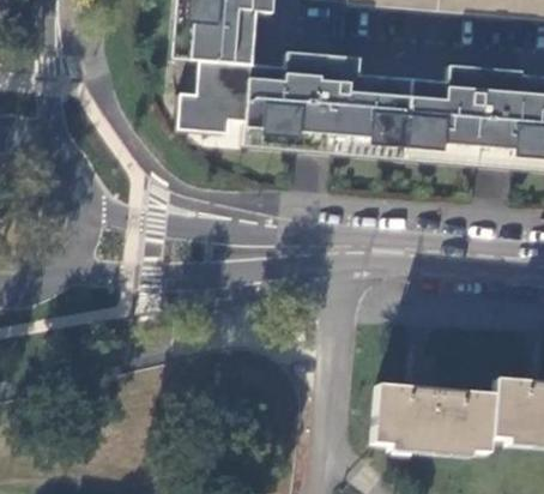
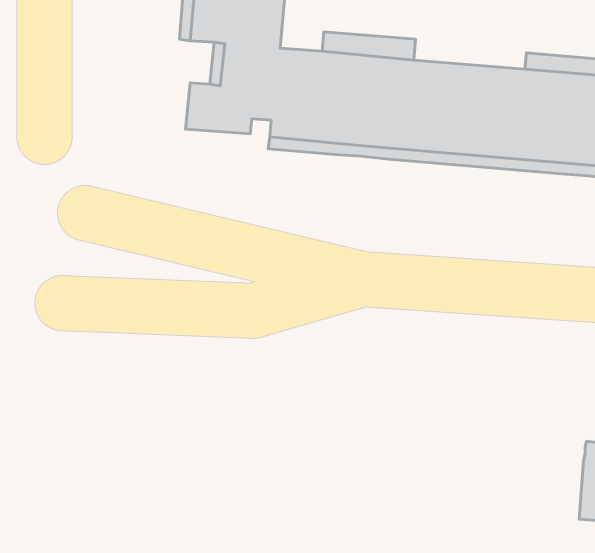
building: [375,380,495,457] -> none

